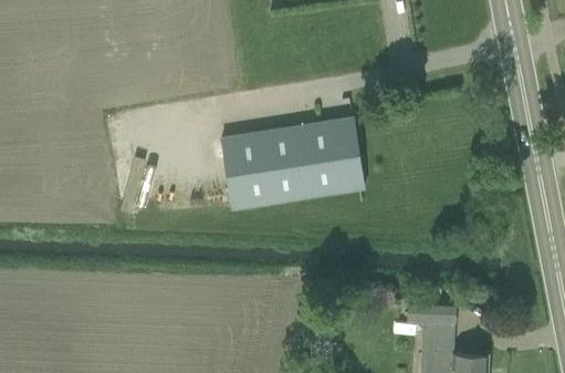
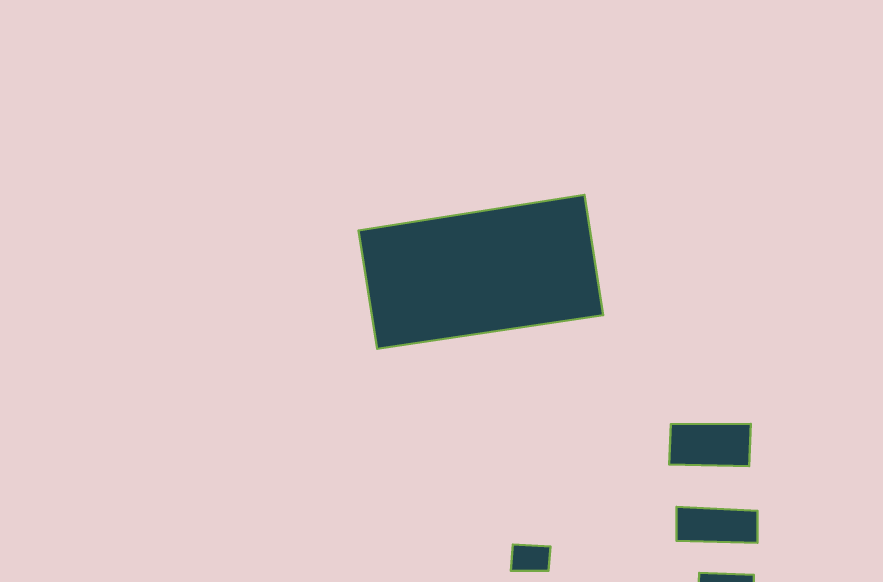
building: none -> [669,424,751,466]

